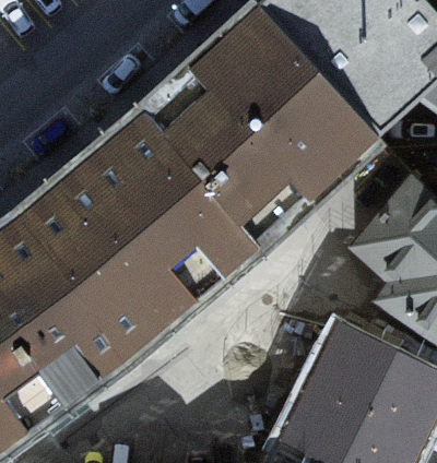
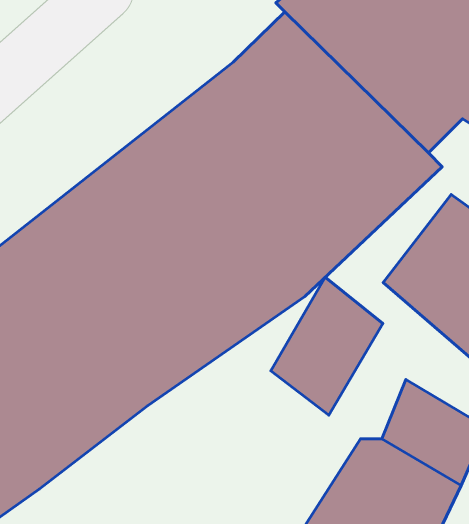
building: none -> [271,277,383,415]

